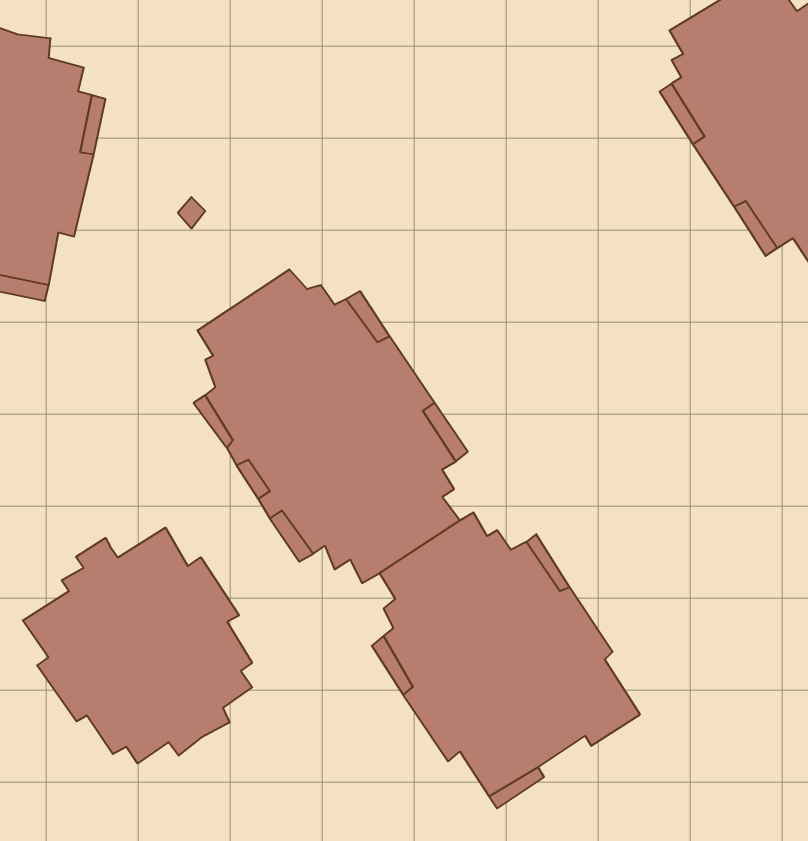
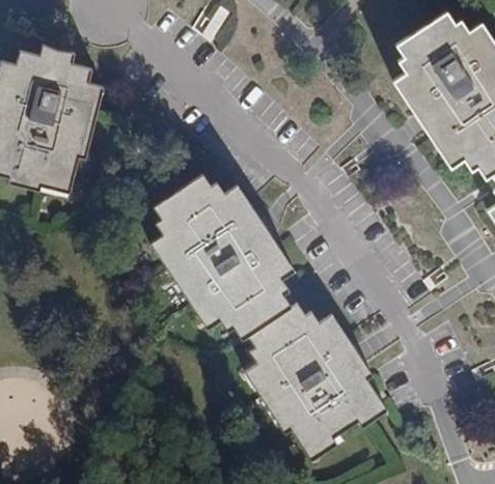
building: [23,528,252,763] -> none

